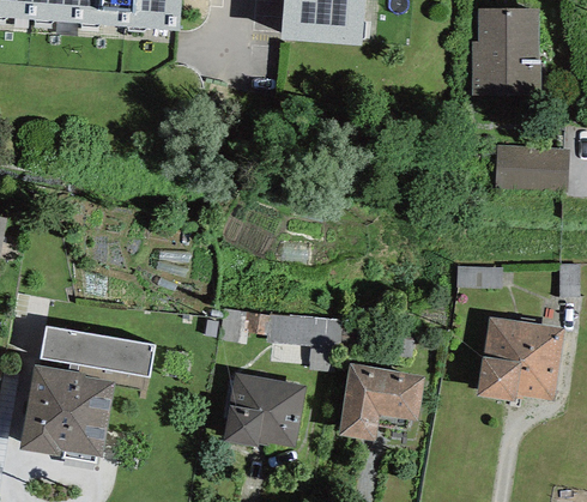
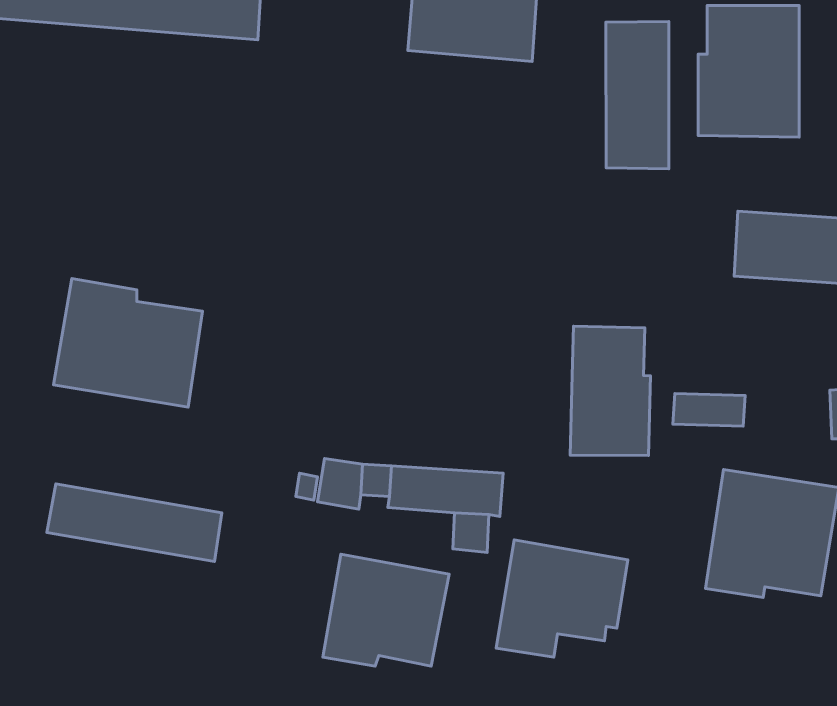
building: none -> [606,21,669,169]
building: none -> [54,278,202,407]
building: none -> [570,326,651,455]
building: [18,364,114,461] -> none

